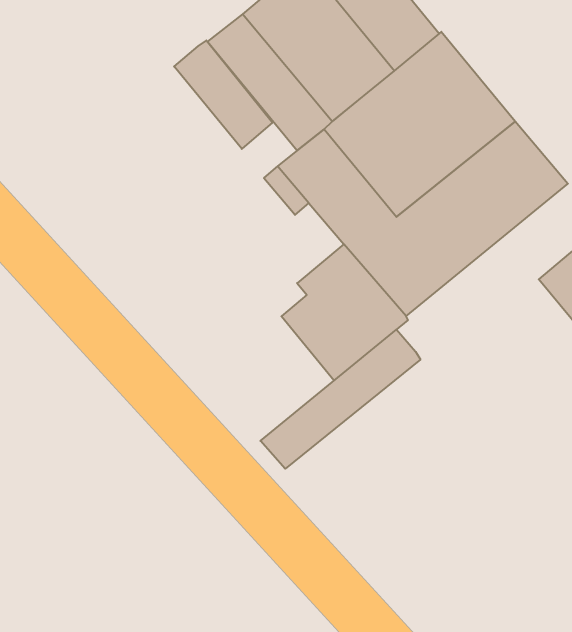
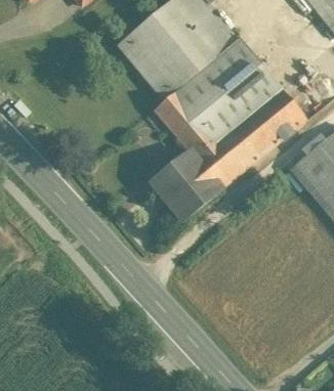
building: [174,40,272,149] -> none
building: [260,330,420,469] -> none

